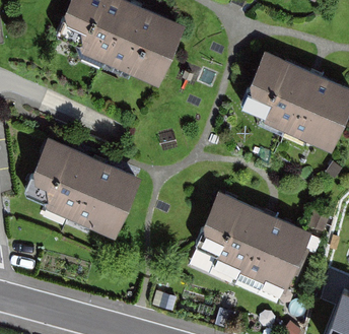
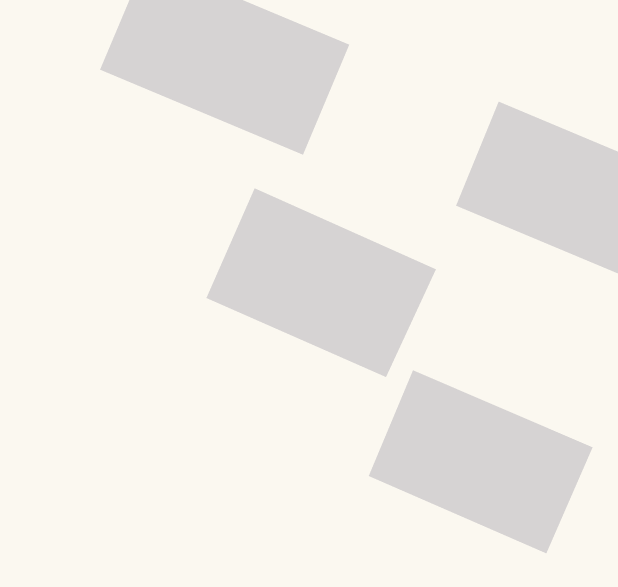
building: [22,137,143,237] -> [205,187,437,378]

